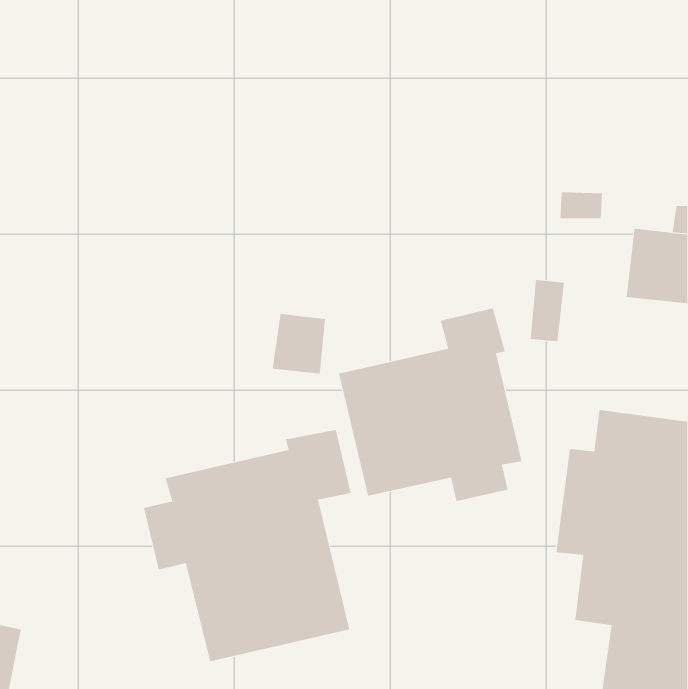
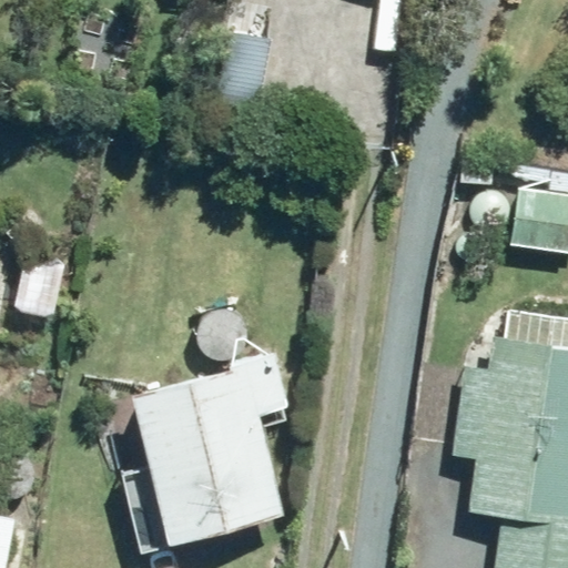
building: [339,308,522,502] -> none

